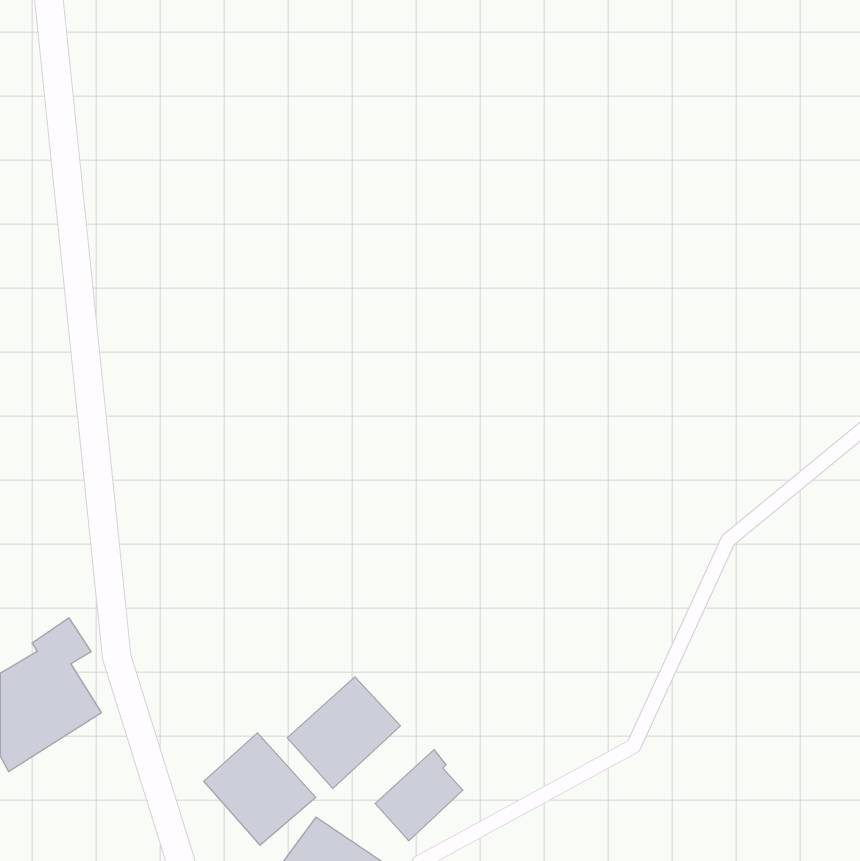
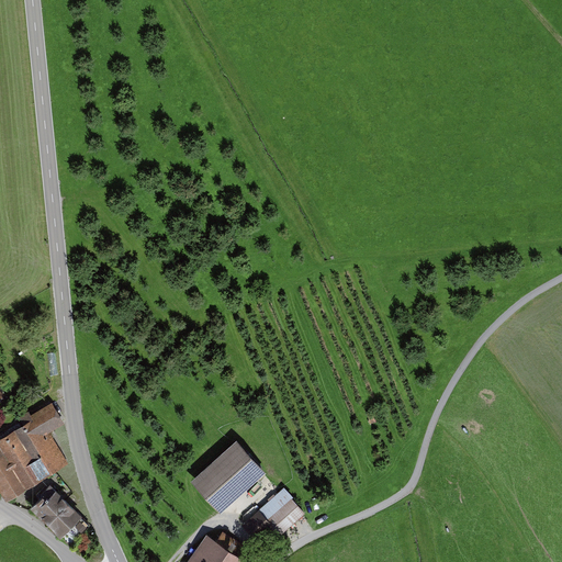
building: [204,733,316,845] -> none
building: none -> [32,490,80,539]

